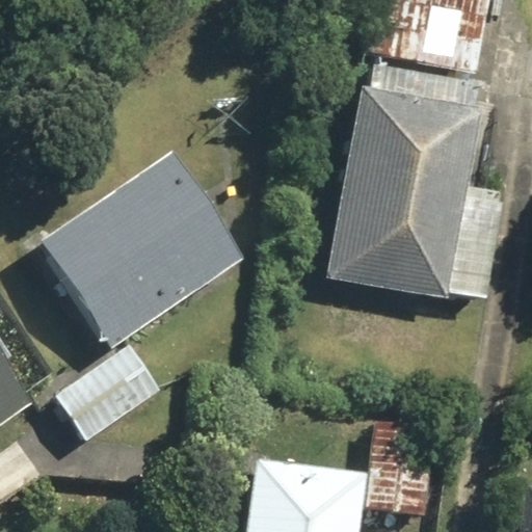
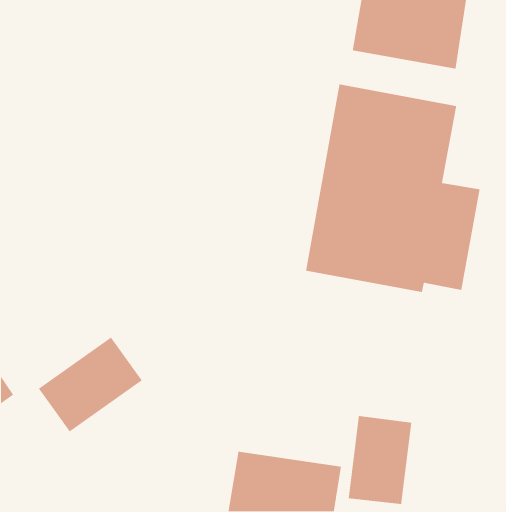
building: [35,154,238,349] -> none

